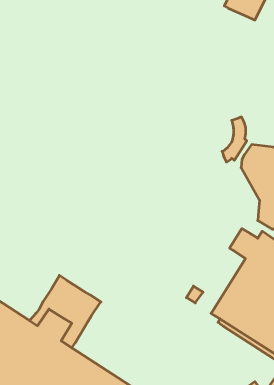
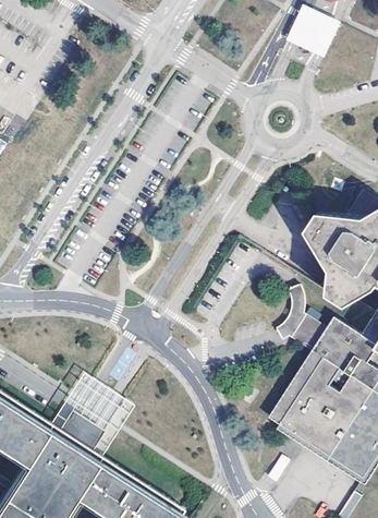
building: [222,117,247,162] -> [278,286,308,341]

